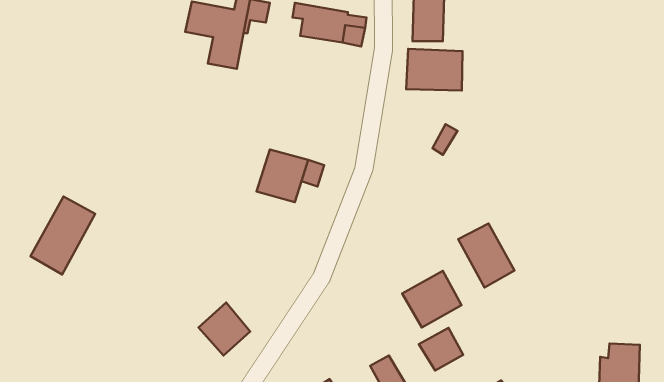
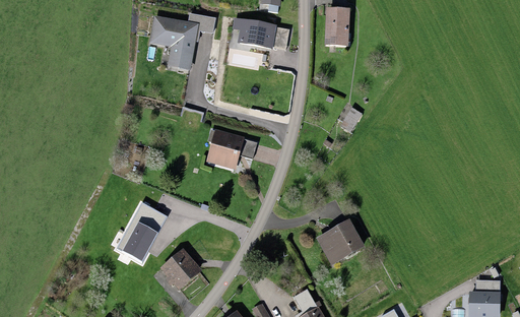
building: [406,49,463,91] -> none
building: [30,197,95,274] -> [117,201,167,261]
building: [458,224,515,288] -> none
building: [419,328,463,370] -> none

